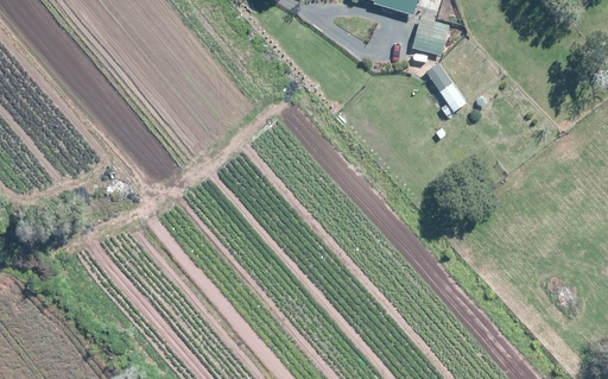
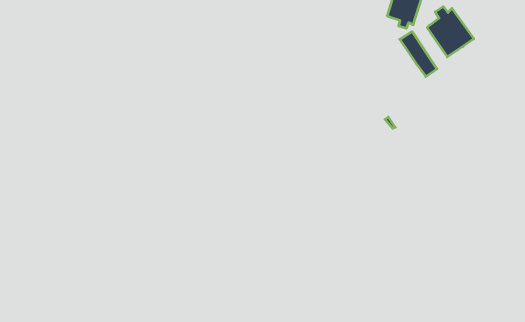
building: none -> [427,7,474,57]

